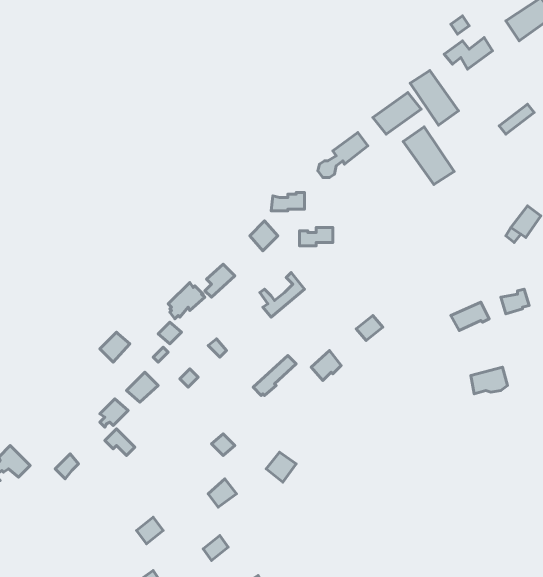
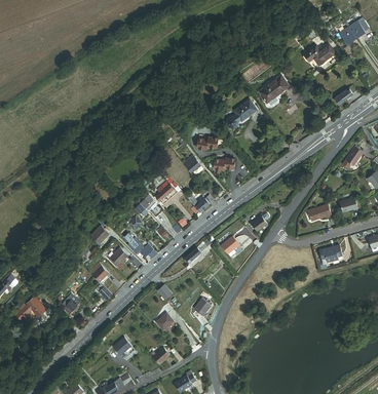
building: [410,70,459,125] -> none
building: [403,127,454,185] -> none

